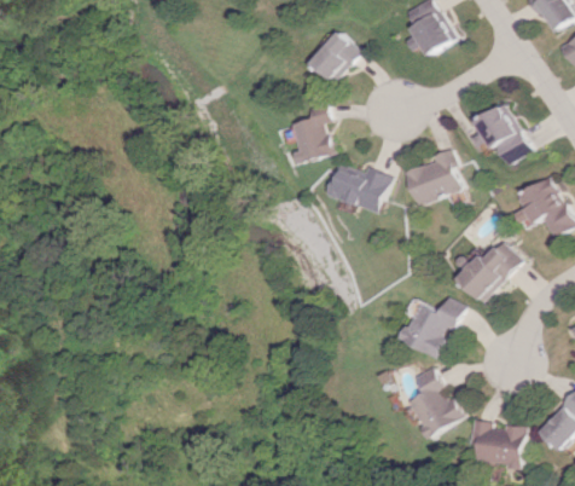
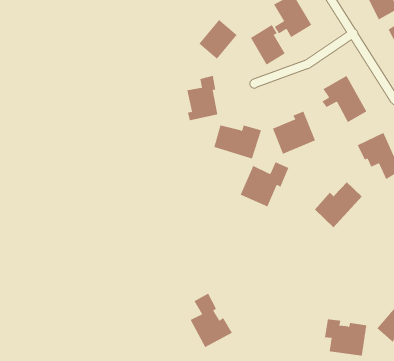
building: none -> [250,24,285,66]
building: [401,296,465,355] -> [240,161,289,207]
building: [411,365,466,436] -> [190,293,233,348]

